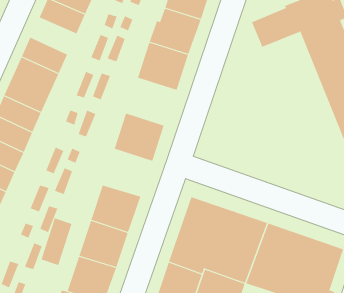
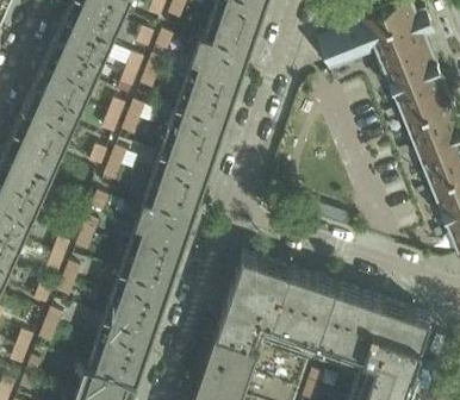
building: none -> [45,36,102,81]
building: none -> [162,110,225,168]
building: none -> [133,196,195,255]
building: [41,217,72,266] -> none

